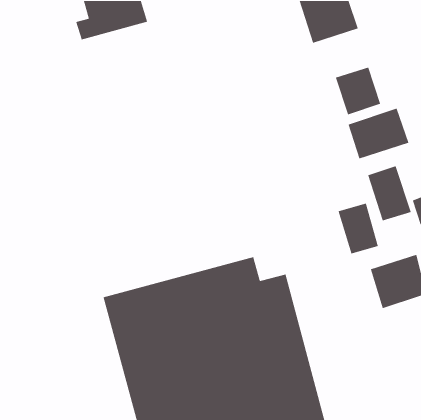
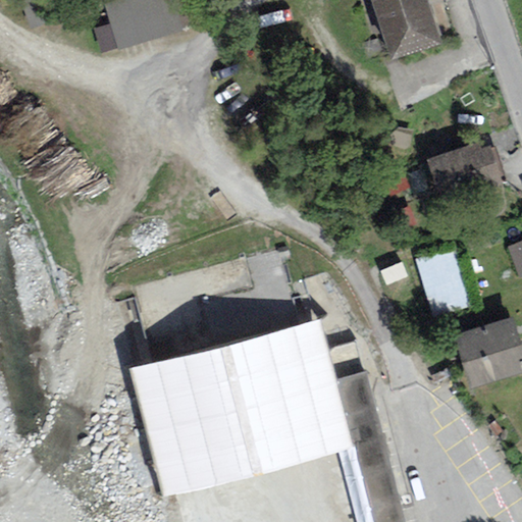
building: [335,67,381,115] -> none
building: [367,165,412,222] -> none

